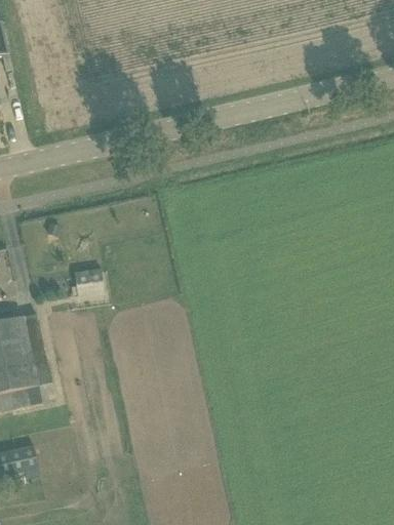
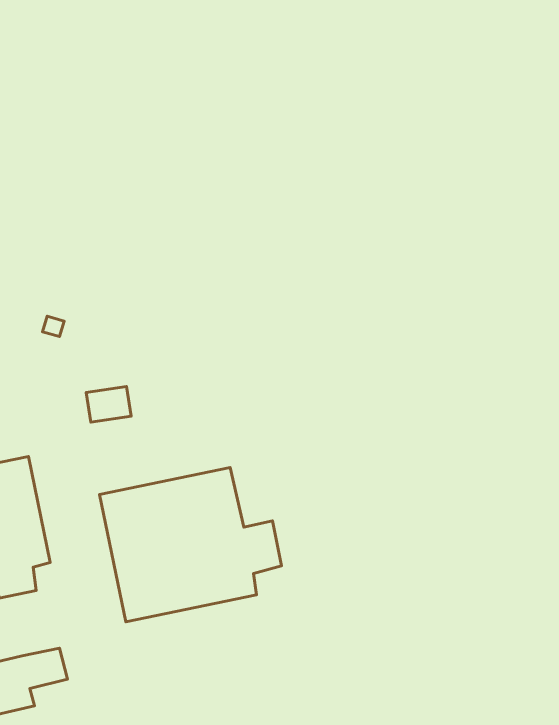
building: none -> [99,468,282,622]

